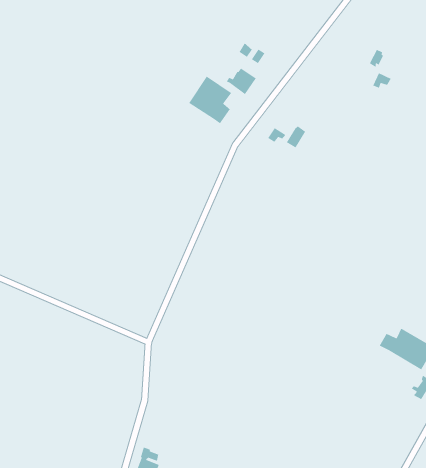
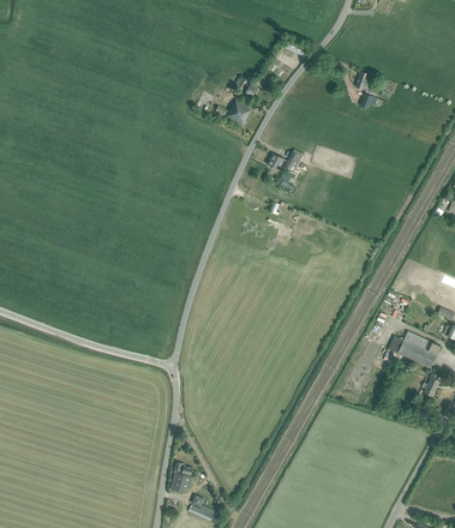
building: [188,76,232,125] -> none

